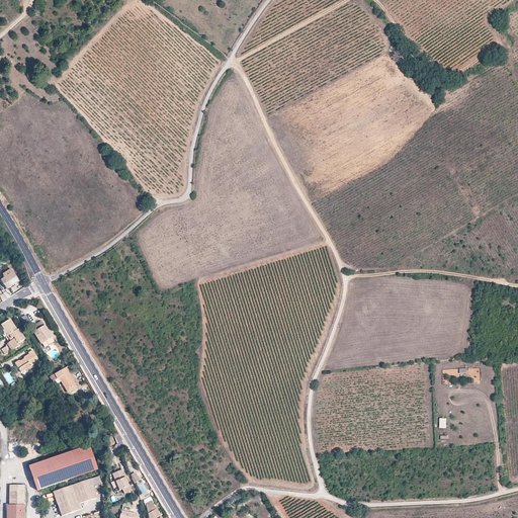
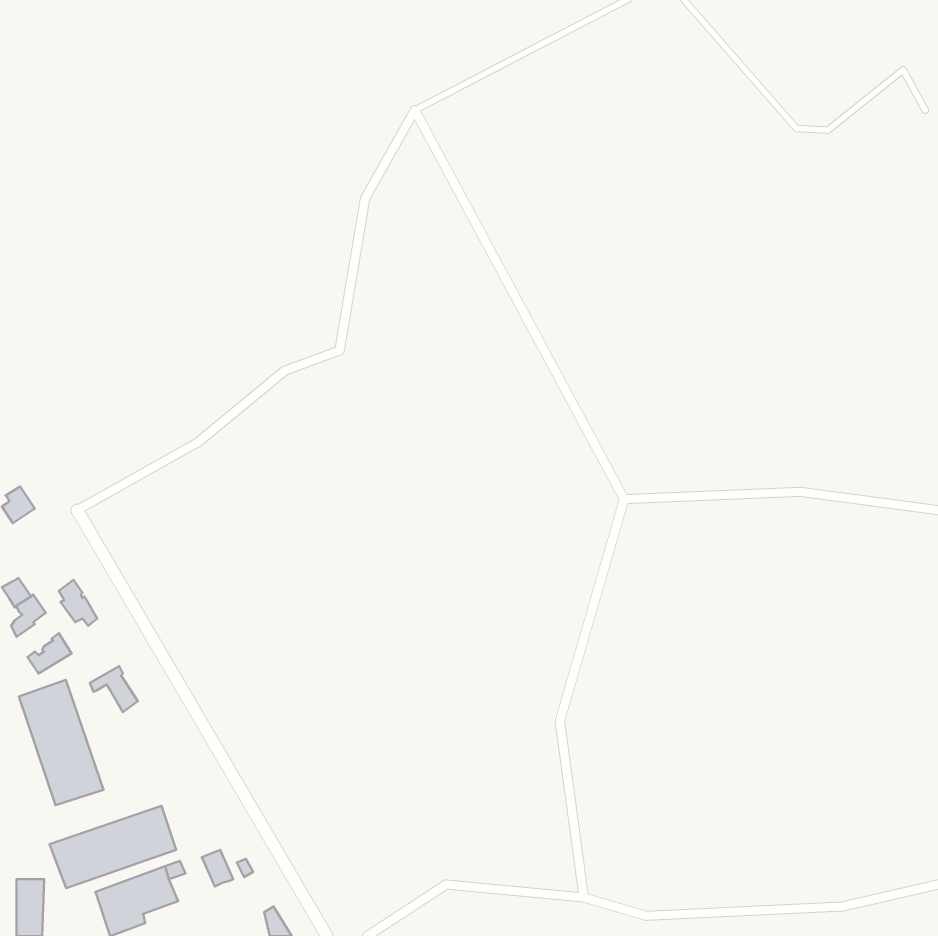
building: none -> [19,680,104,805]

